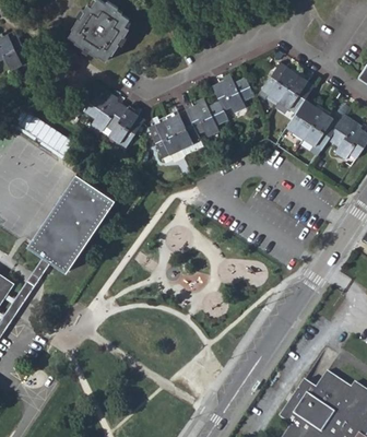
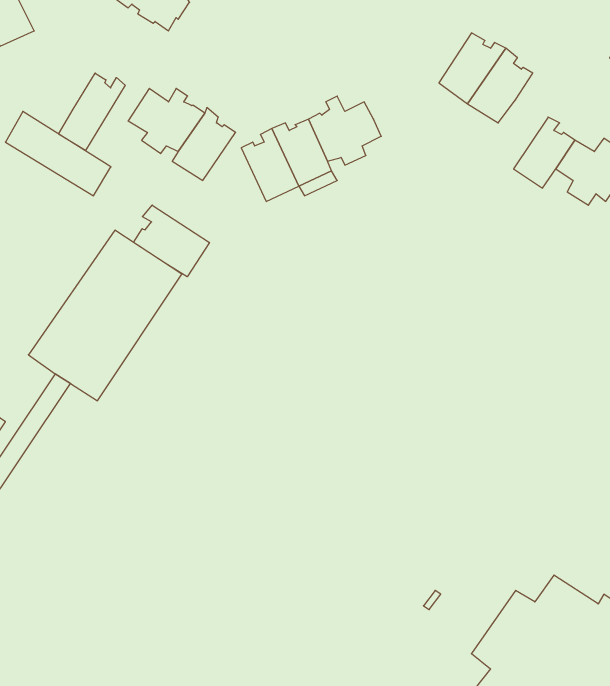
building: [212,74,254,114] -> none
building: none -> [59,73,125,150]
building: [286,101,323,140] -> none
building: none -> [133,205,209,277]

